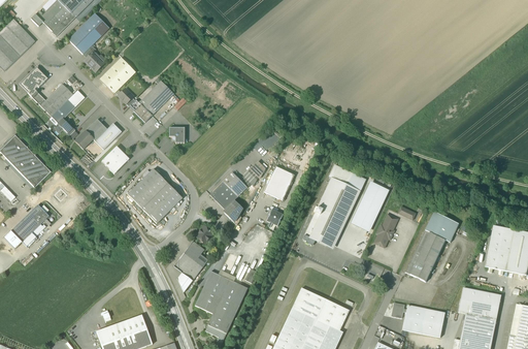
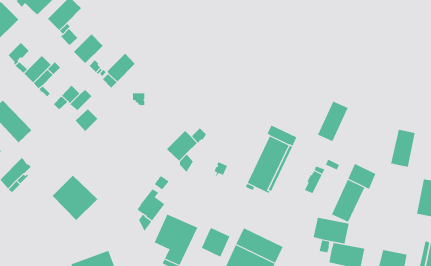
building: [263,166,294,200] -> none
building: [128,169,183,224] -> [52,175,98,221]
building: [351,183,388,231] -> [317,101,348,142]
building: [485,226,515,272] -> [390,129,415,168]
building: none -> [201,227,230,257]
building: [458,288,501,320] -> [313,217,349,244]

